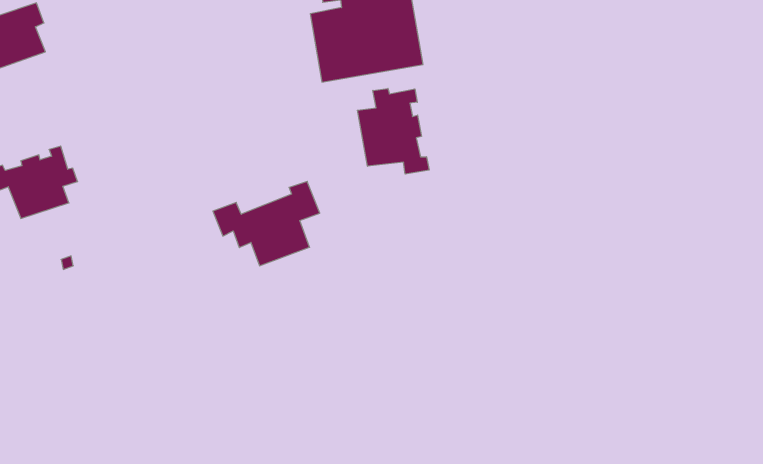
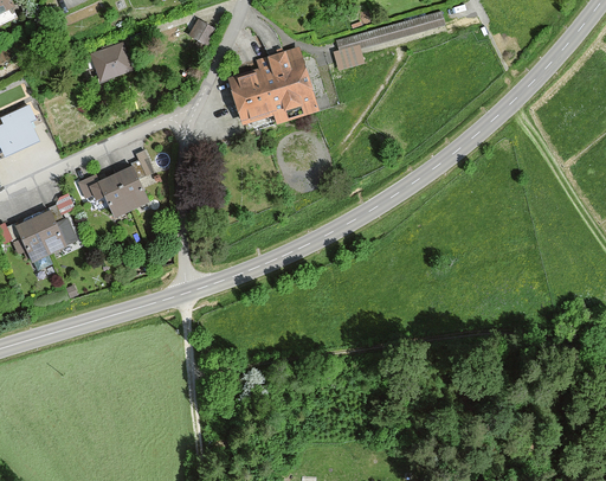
building: [357,88,429,174] -> none
building: [213,181,320,266] -> [77,152,156,218]

